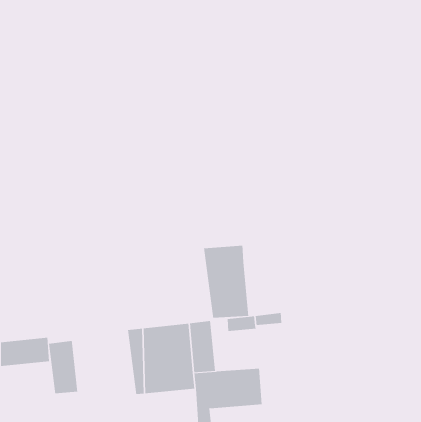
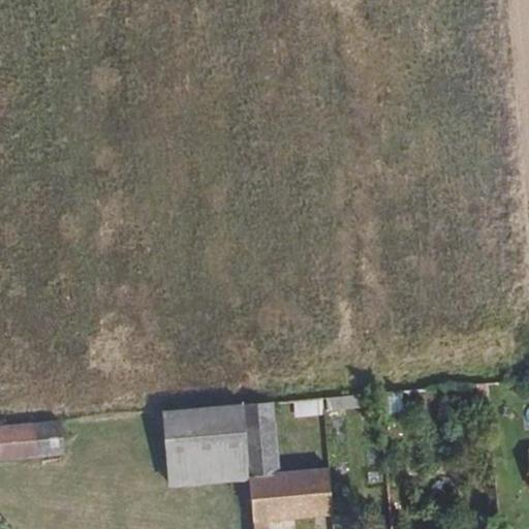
building: [204,245,249,319] -> none
building: [49,340,78,394] -> none

